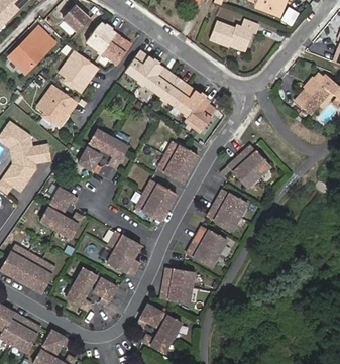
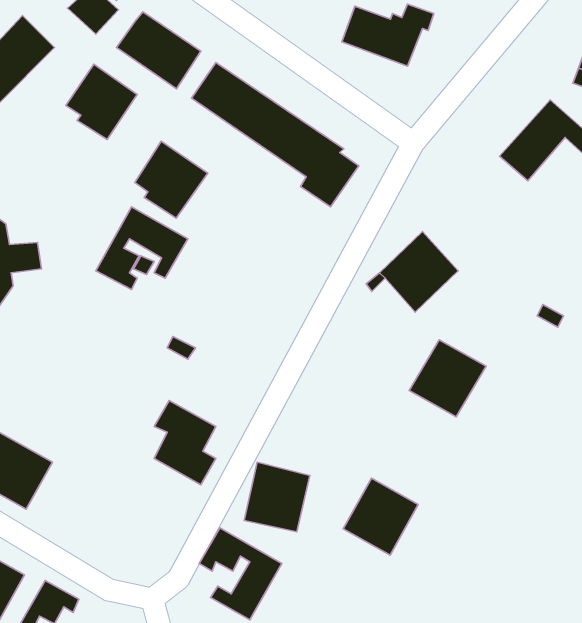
building: [41,87,81,128] -> [135,141,208,218]
building: [159,143,200,185] -> none
building: [137,181,179,223] -> none
building: [40,187,82,237] -> none
building: [210,187,251,228] -> [409,340,486,417]
building: [189,225,229,266] -> [343,478,418,555]
building: [65,266,115,309] -> none

